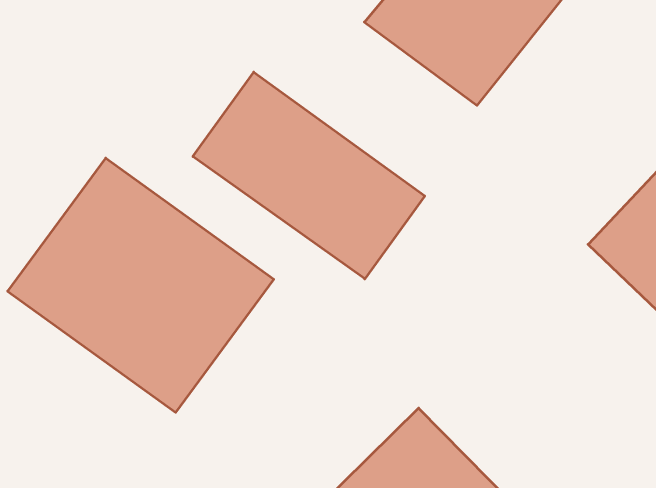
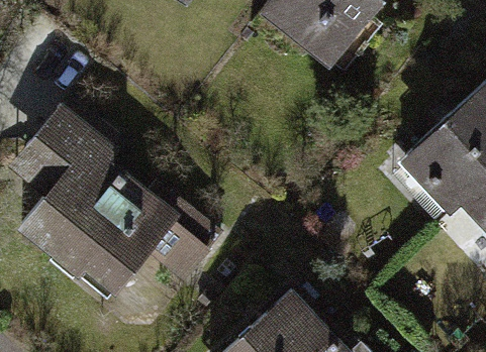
building: [193,72,425,279] -> none

